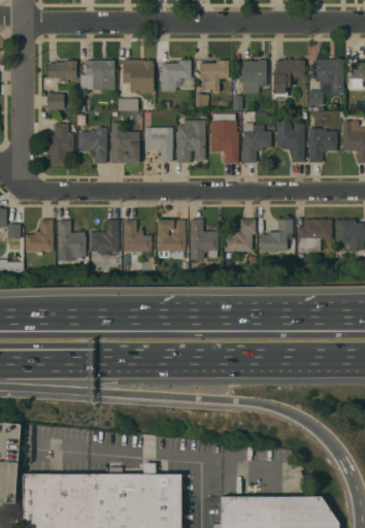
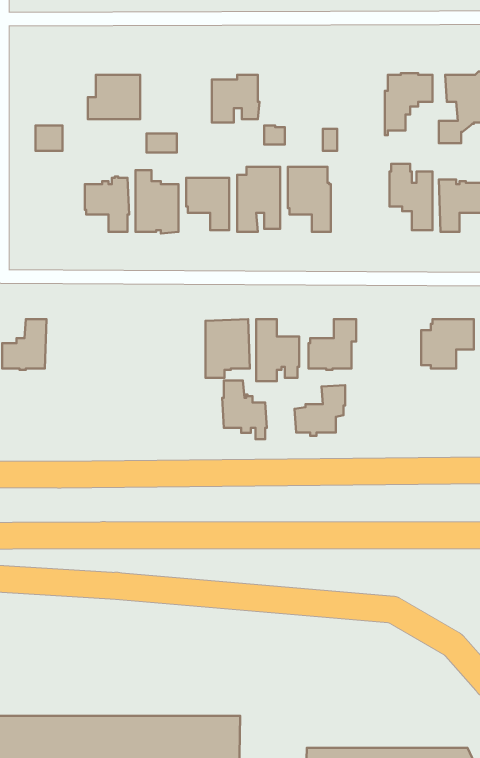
building: [123,59,154,93] -> none
building: [238,59,266,92] -> none
building: [47,60,76,80] -> none
building: [199,60,229,91] -> none
building: [46,123,74,163] -> none
building: [242,123,271,162] -> none
building: [91,219,119,255] -> none
building: [260,219,293,252] -> [294,385,345,436]
building: [58,220,86,260] -> none
building: [123,220,152,258] -> [222,380,267,439]

